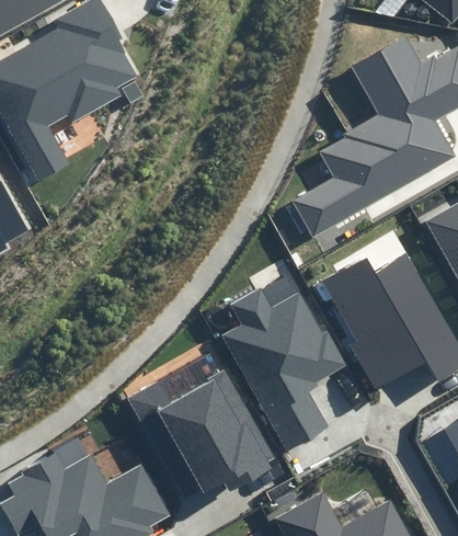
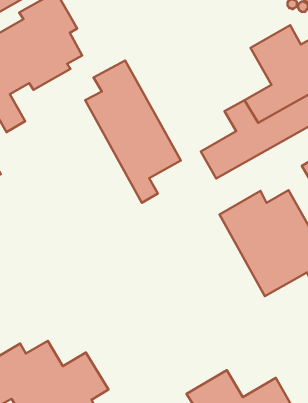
building: none -> [85,61,181,203]
building: [221,290,347,452] -> none
building: [126,368,276,504] -> none

